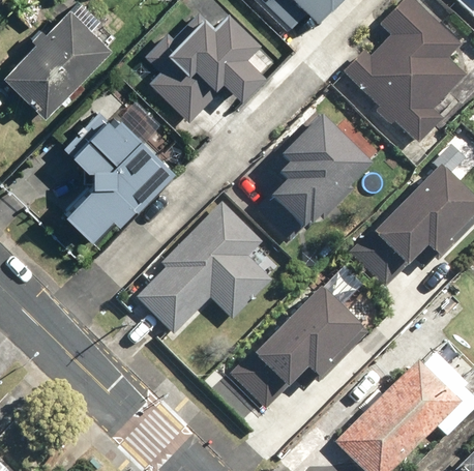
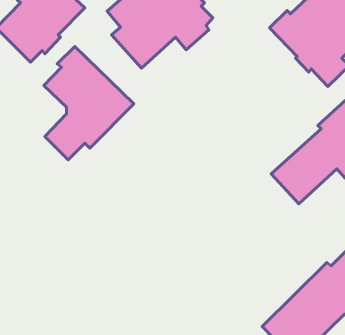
building: [253,113,374,247] -> none
building: [135,202,279,334] -> none
building: [231,286,363,410] -> none

